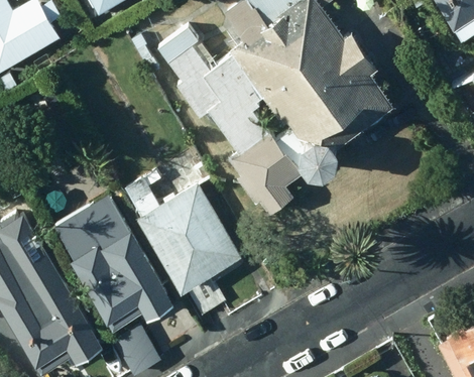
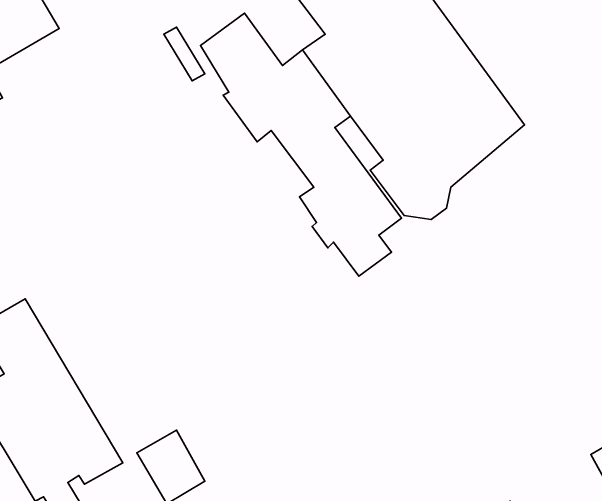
building: [125,178,246,318] -> none
building: [52,196,173,332] -> none

